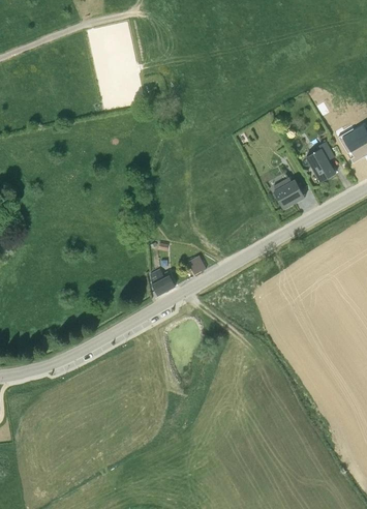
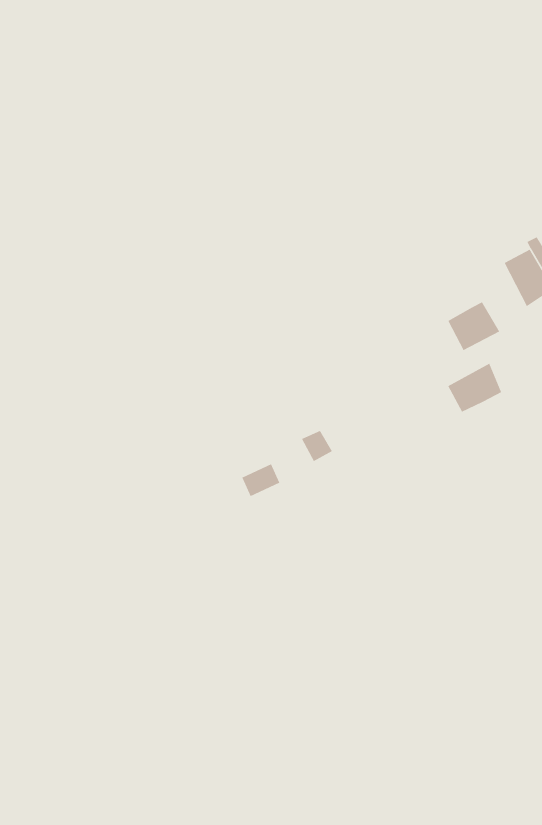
building: none -> [448,363,502,413]

